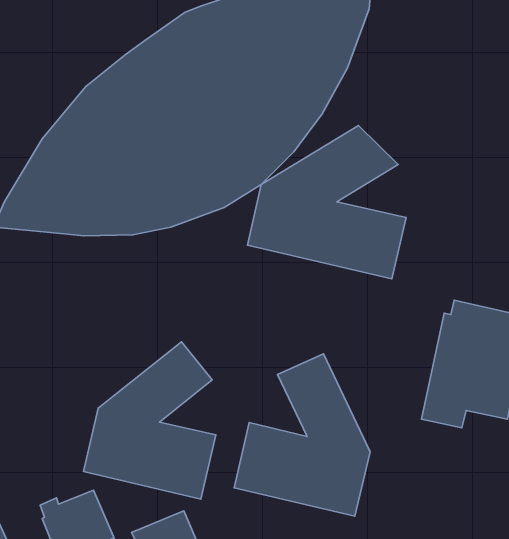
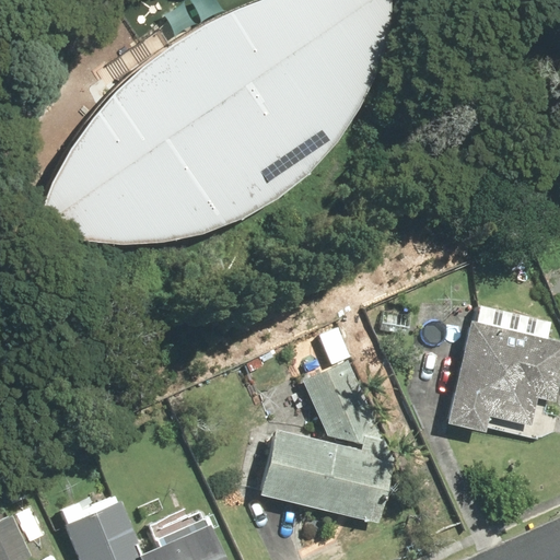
building: [247,125,406,279] -> none
building: [84,342,216,499] -> none

